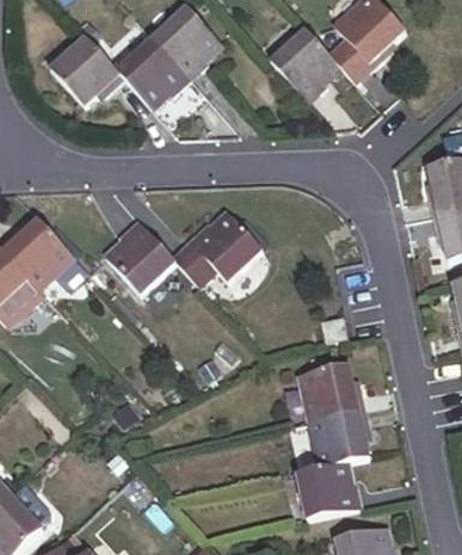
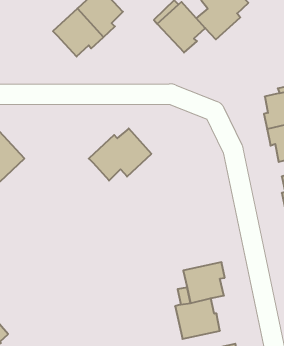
building: [51,37,124,106] -> none
building: [107,220,177,294] -> none
building: [300,364,365,420] -> none

